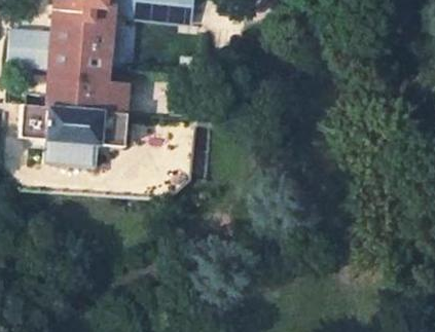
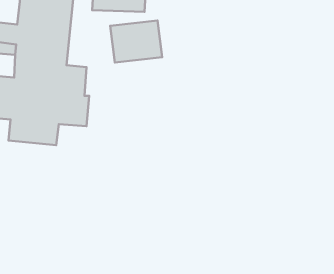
building: none -> [110,21,162,62]

